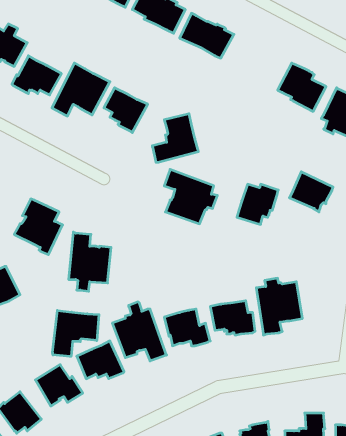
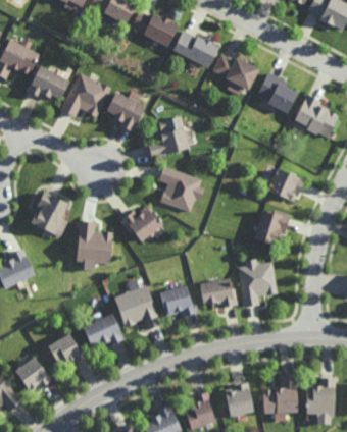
building: none -> [213,54,258,91]
building: [237,184,278,224] -> [253,209,289,244]
building: none -> [118,204,162,239]
building: [53,310,99,356] -> none

